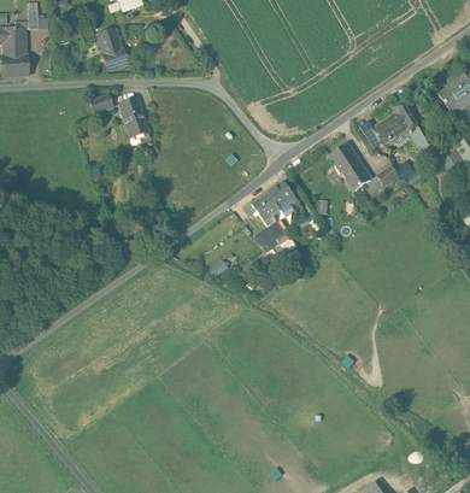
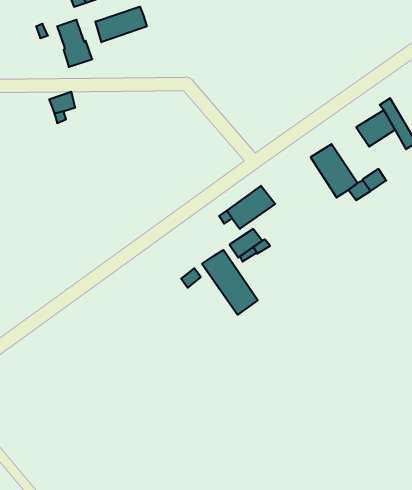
building: none -> [95,7,147,42]
building: [119,98,151,141] -> none
building: none -> [202,250,258,315]

